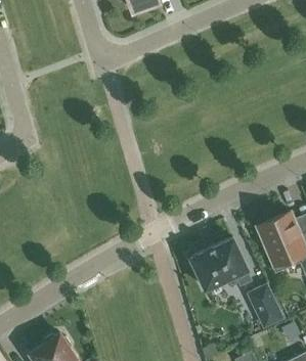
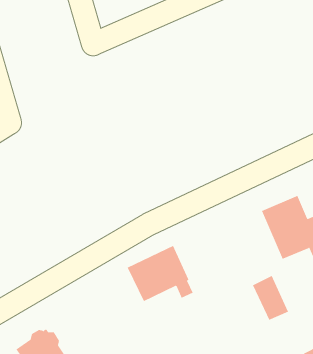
building: [189,236,251,288] -> [127,245,193,302]

